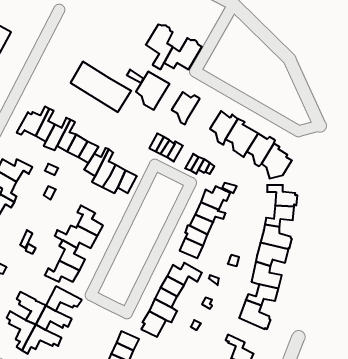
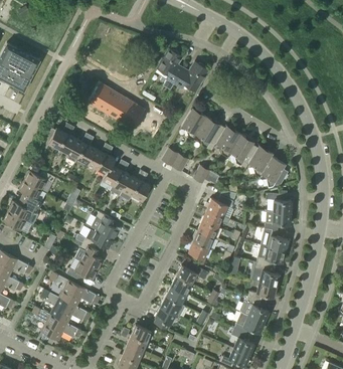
building: [136,72,170,110] -> [195,117,225,151]
building: none -> [50,272,77,302]
building: none -> [231,313,265,335]

